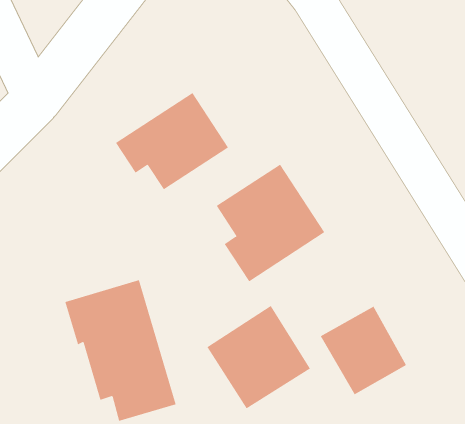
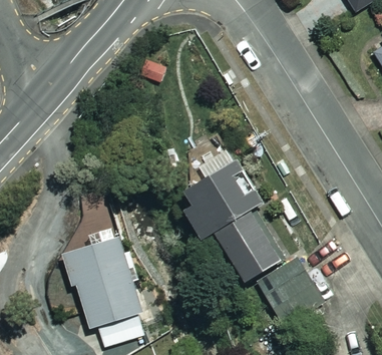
building: [115,92,229,190] -> none
building: [207,305,311,409] -> [217,203,296,282]

